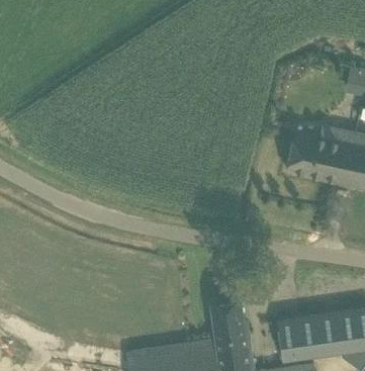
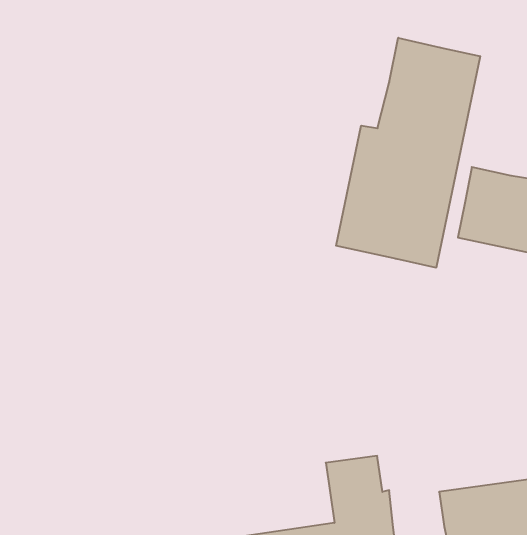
building: none -> [336,38,480,268]

